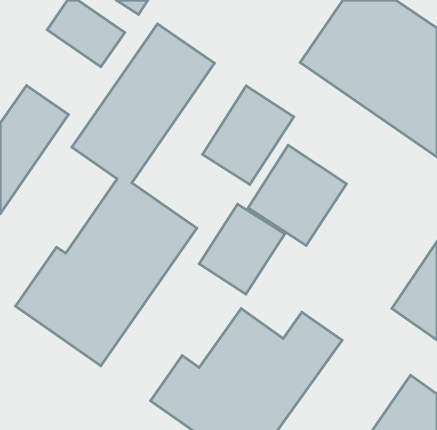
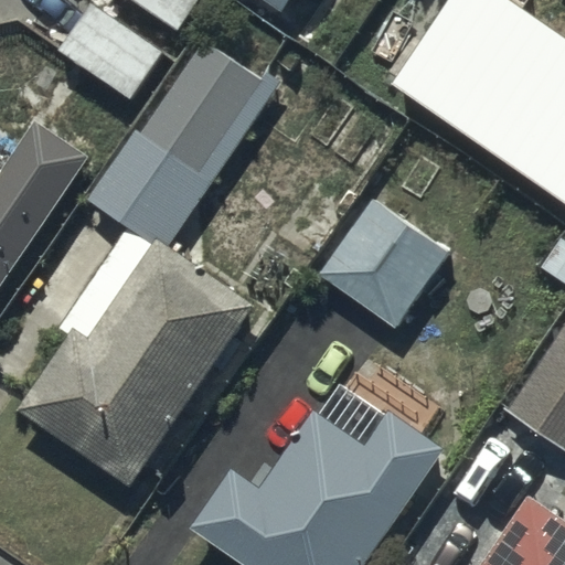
building: [202,86,294,185] -> none
building: [199,204,285,294] -> none

